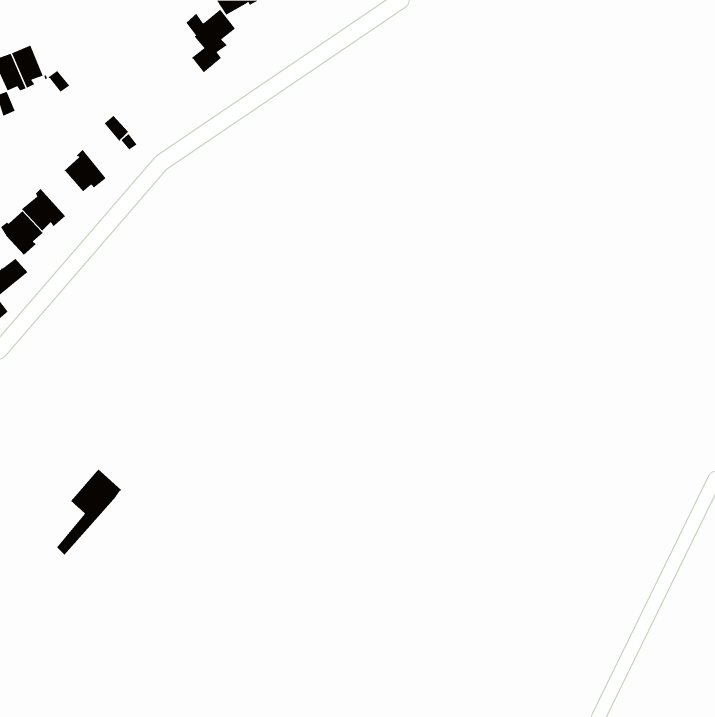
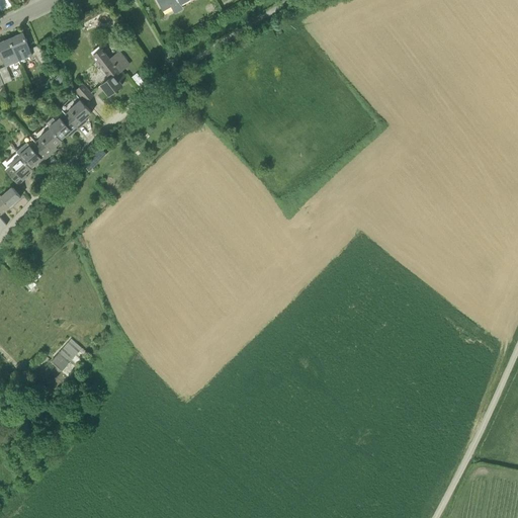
building: [185,9,236,73] -> [95,49,132,95]
building: none -> [60,96,91,128]
building: none -> [29,123,61,156]

